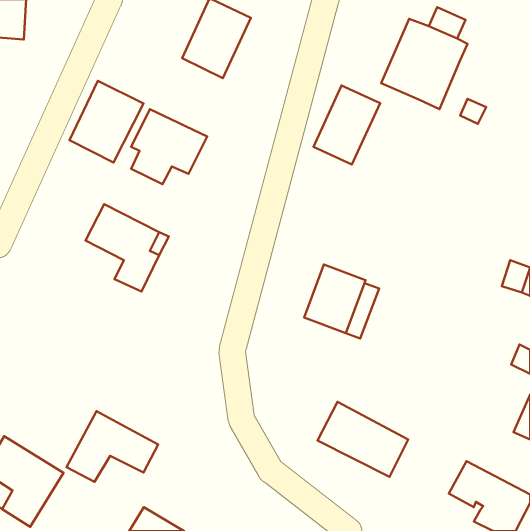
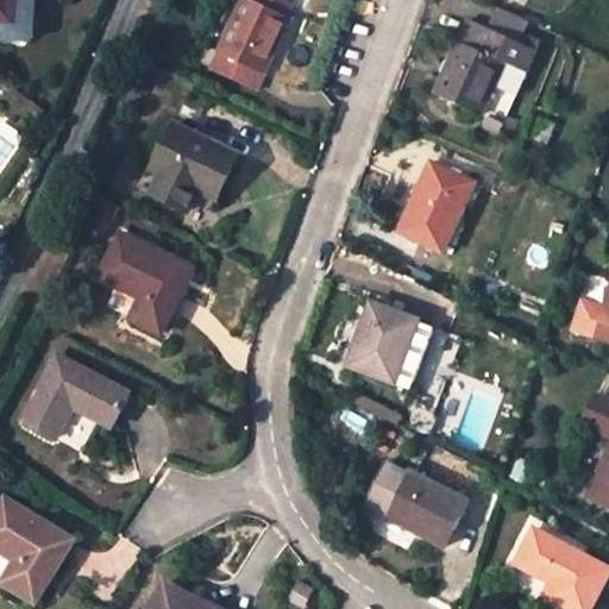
building: [69,81,143,163] -> none
building: [313,85,380,165] -> [398,161,475,251]
building: [66,411,158,482] -> [23,356,127,437]

